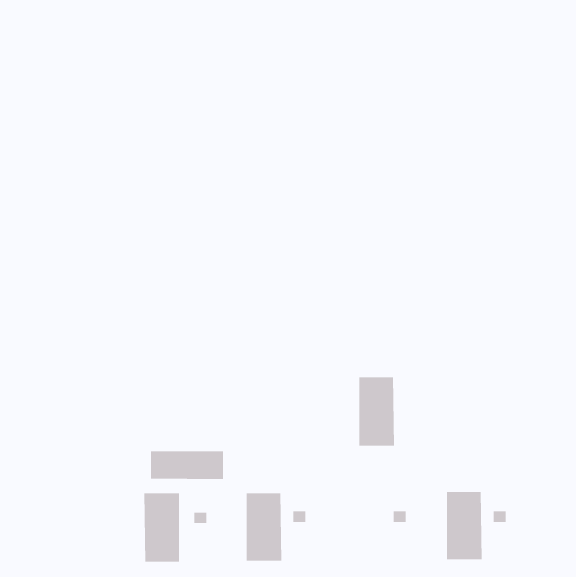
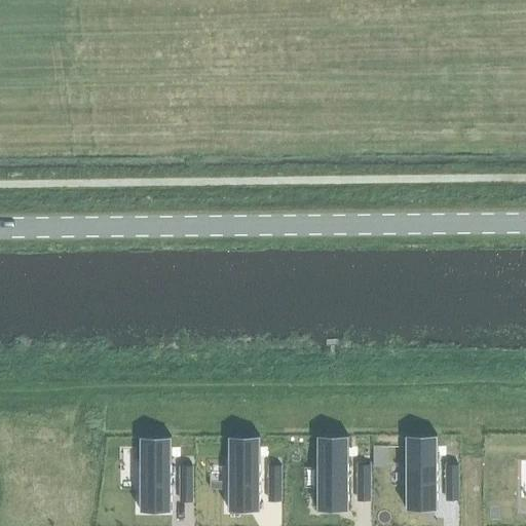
building: [358,377,395,446] -> [317,444,350,506]
building: [151,451,223,480] -> none

